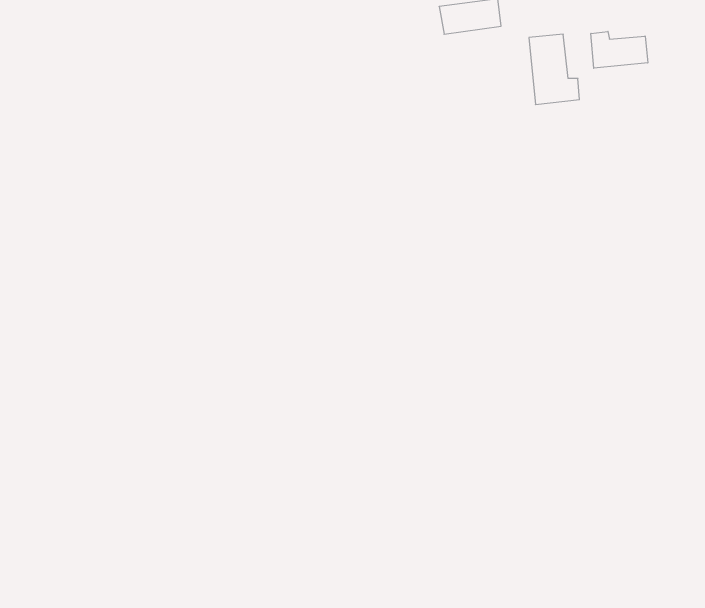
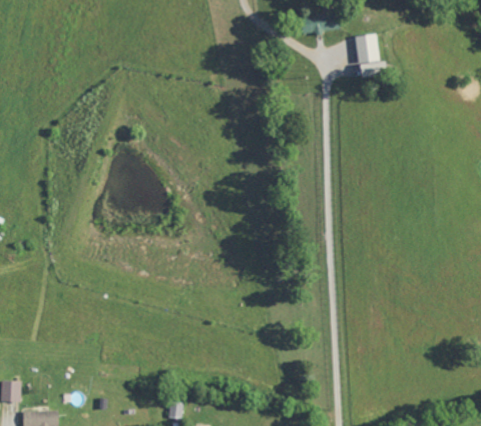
building: [591,31,648,68] -> none

